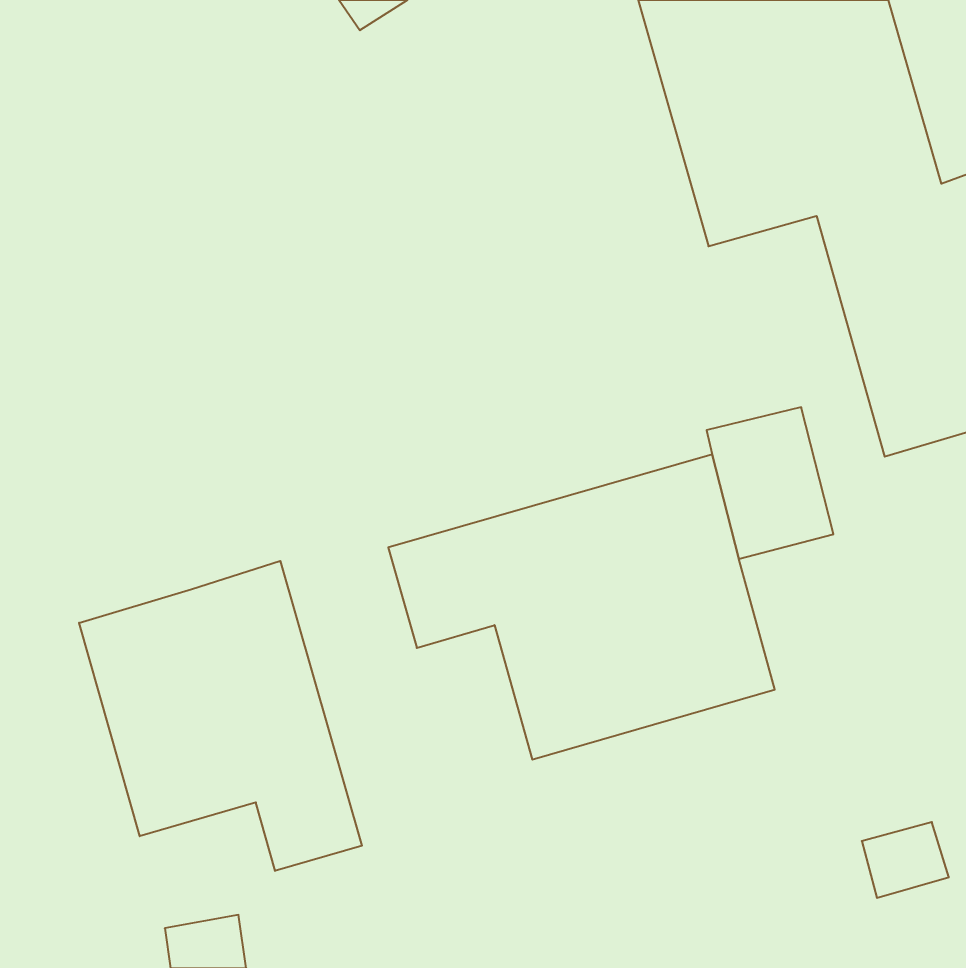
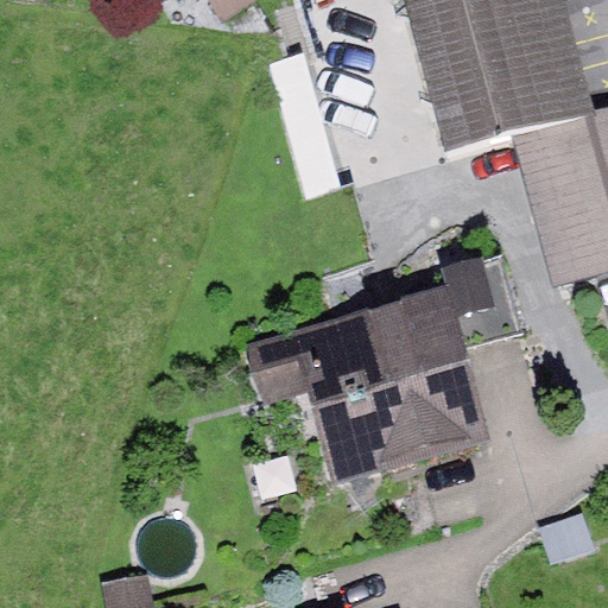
building: [79,561,362,871] -> none

